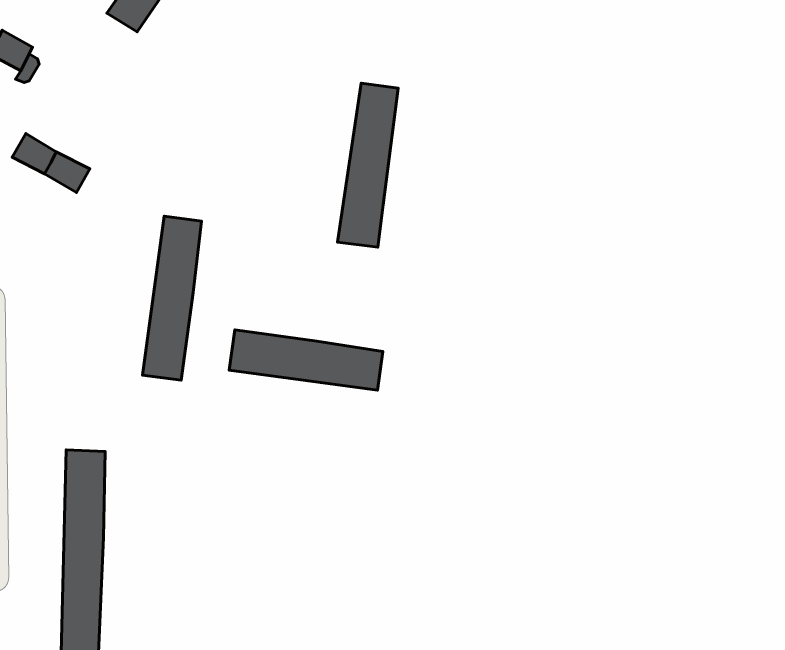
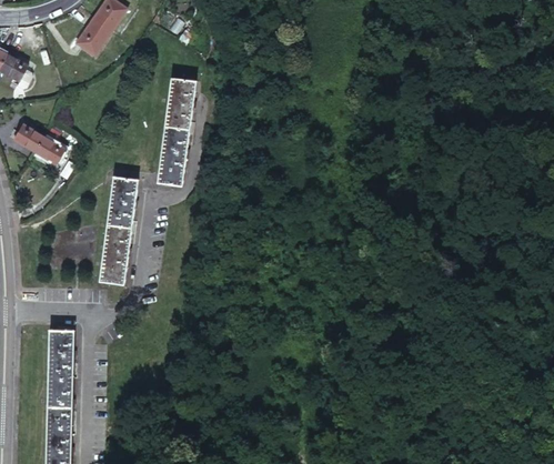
building: [337,83,398,247] -> [157,78,197,185]
building: [229,330,383,390] -> none

